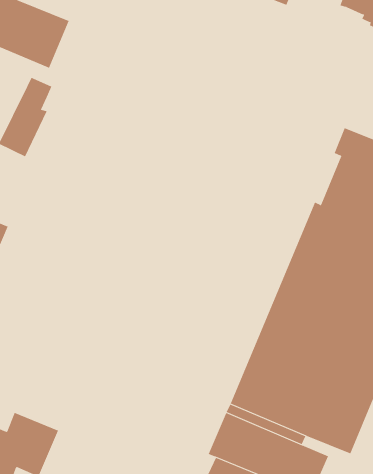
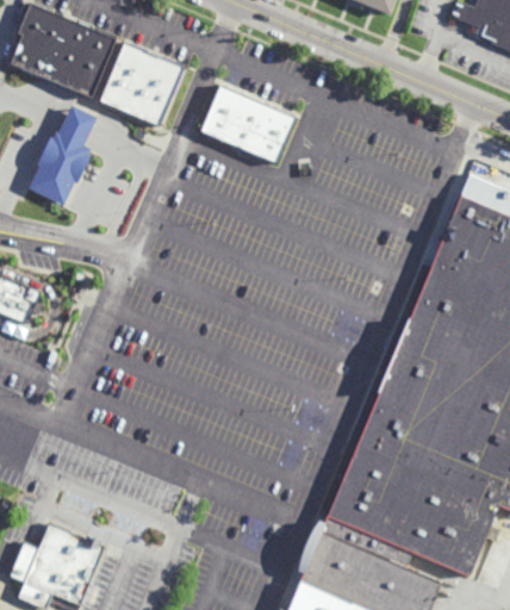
building: none -> [99,41,186,126]
building: none -> [200,88,297,164]

